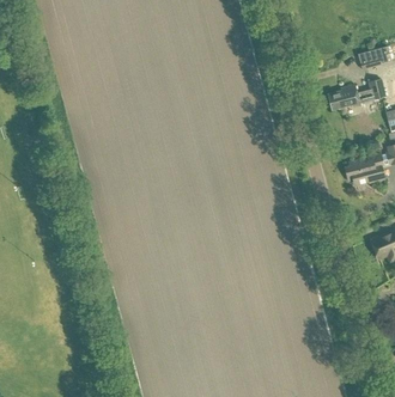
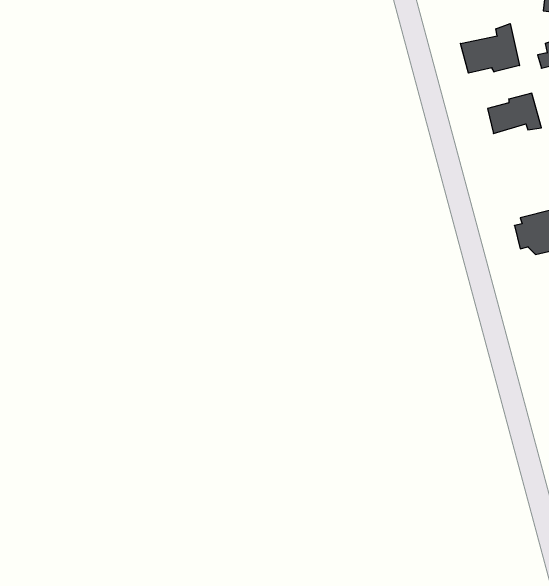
building: none -> [460,24,519,73]

